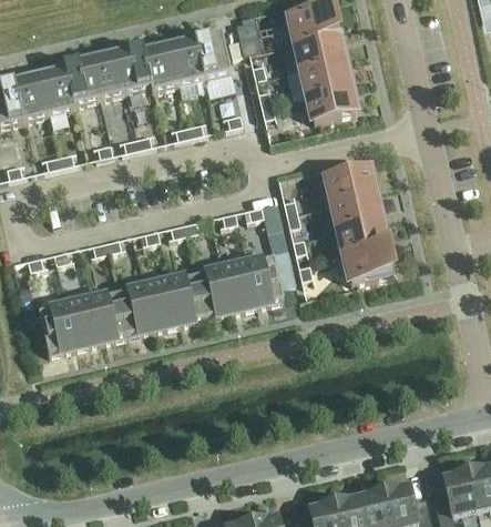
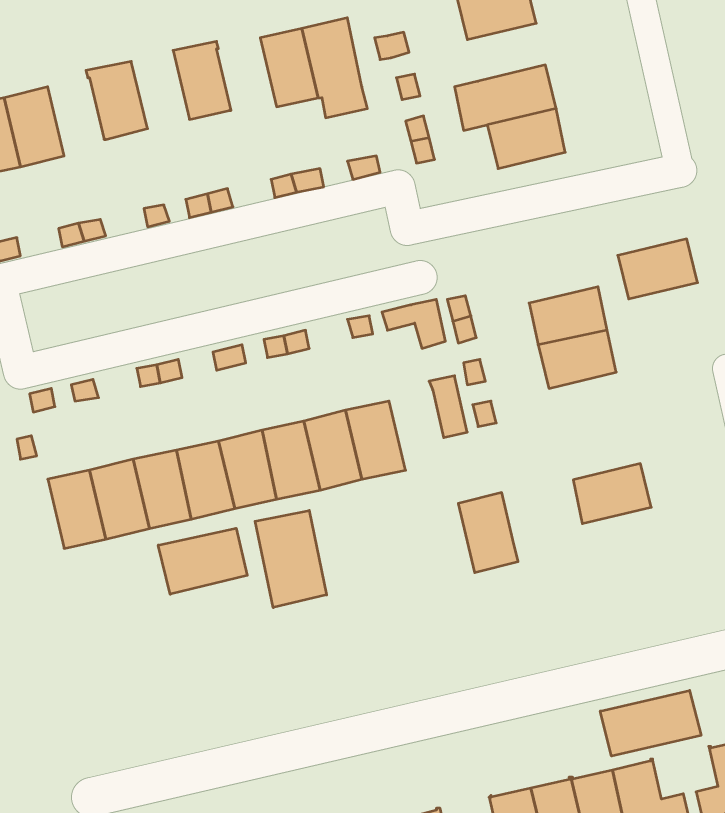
building: [295,31,342,67] -> none
building: [142,40,178,89] -> none
building: [90,48,125,95] -> none
building: [39,64,75,112] -> none
building: [326,165,375,202] -> [618,239,698,299]
building: [345,244,392,281] -> [573,464,651,524]
building: [247,255,284,304] -> [458,493,518,573]
building: none -> [255,510,327,608]
building: none -> [158,528,247,594]
building: none -> [600,690,701,756]

